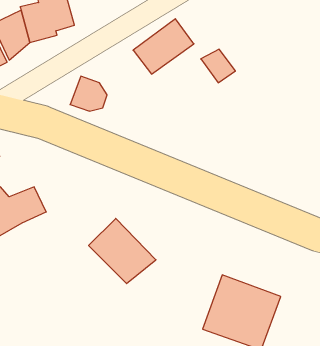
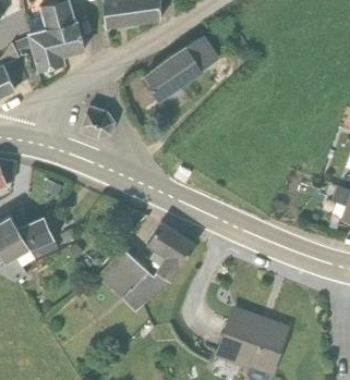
building: [201,49,235,83] -> [185,36,220,70]
building: none -> [149,223,195,280]

